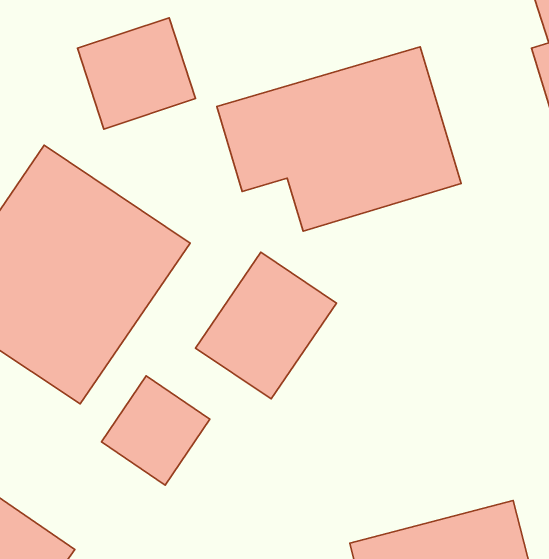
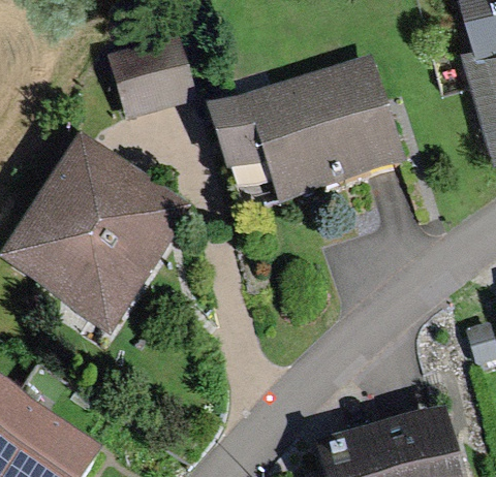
building: [195,252,337,399] -> none
building: [101,376,210,485] -> none

